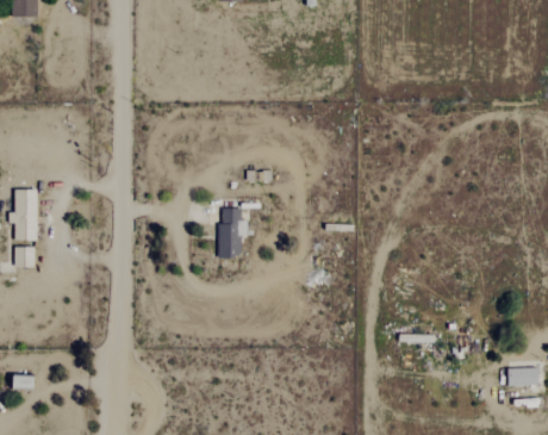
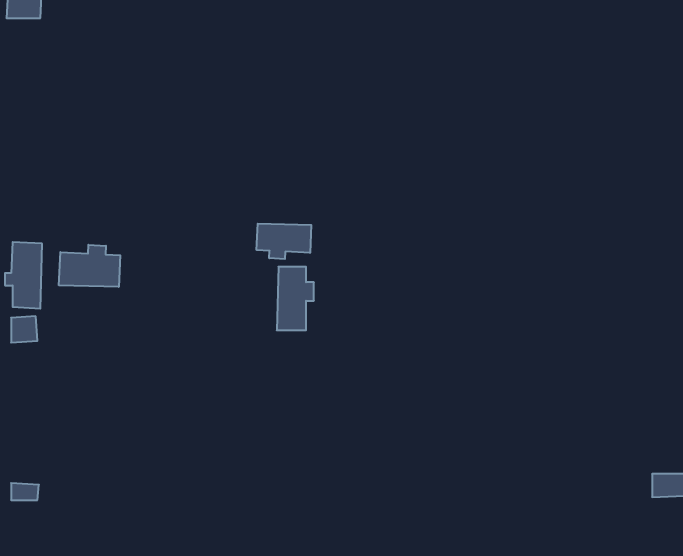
building: none -> [257,224,311,259]
building: none -> [59,245,120,287]

